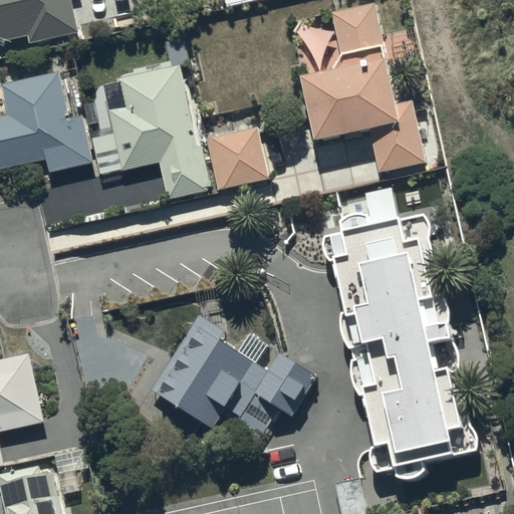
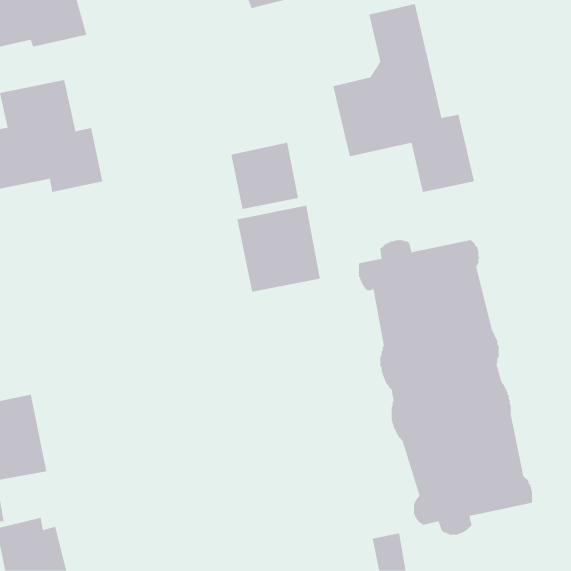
building: [107,37,207,198] -> none
building: none -> [237,205,320,293]
building: [152,314,320,442] -> none

